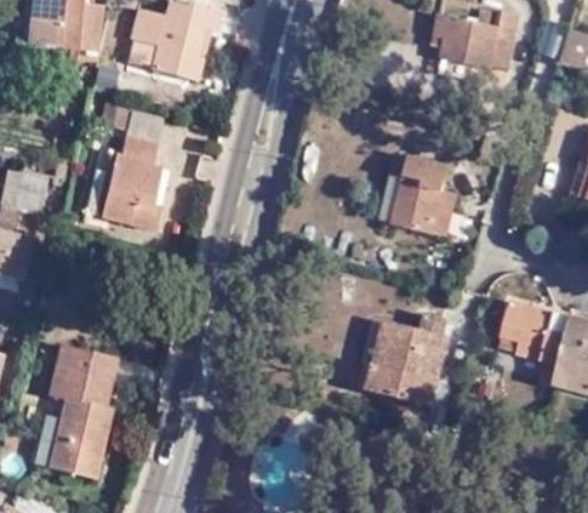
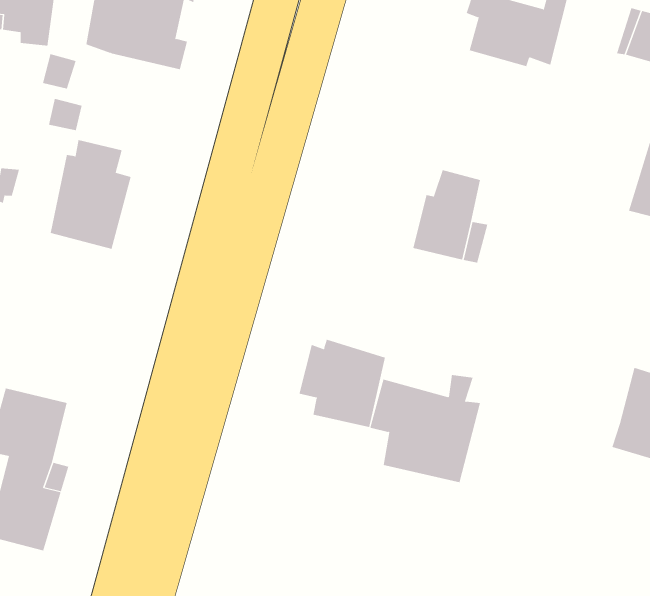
building: [120,103,164,143] -> none
building: none -> [299,339,386,428]
building: [503,303,573,366] -> none

